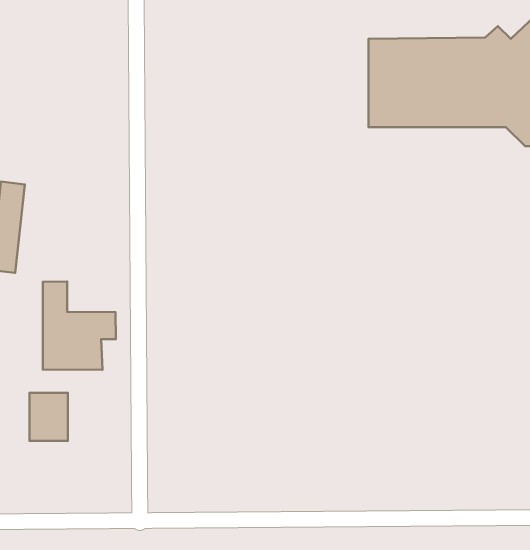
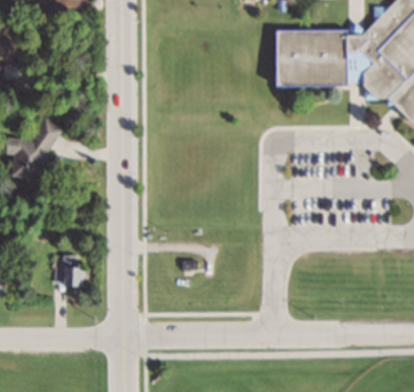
building: [43,281,116,370] -> none

